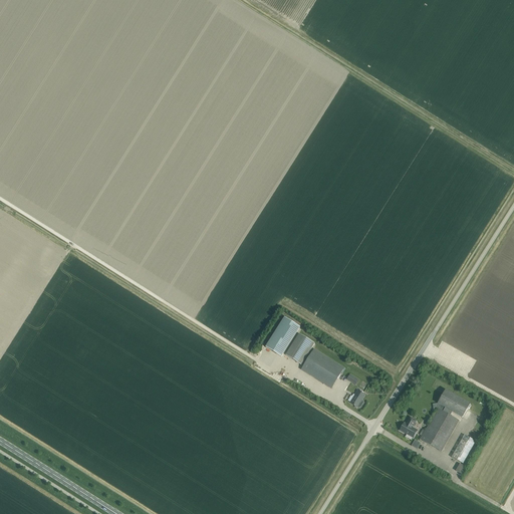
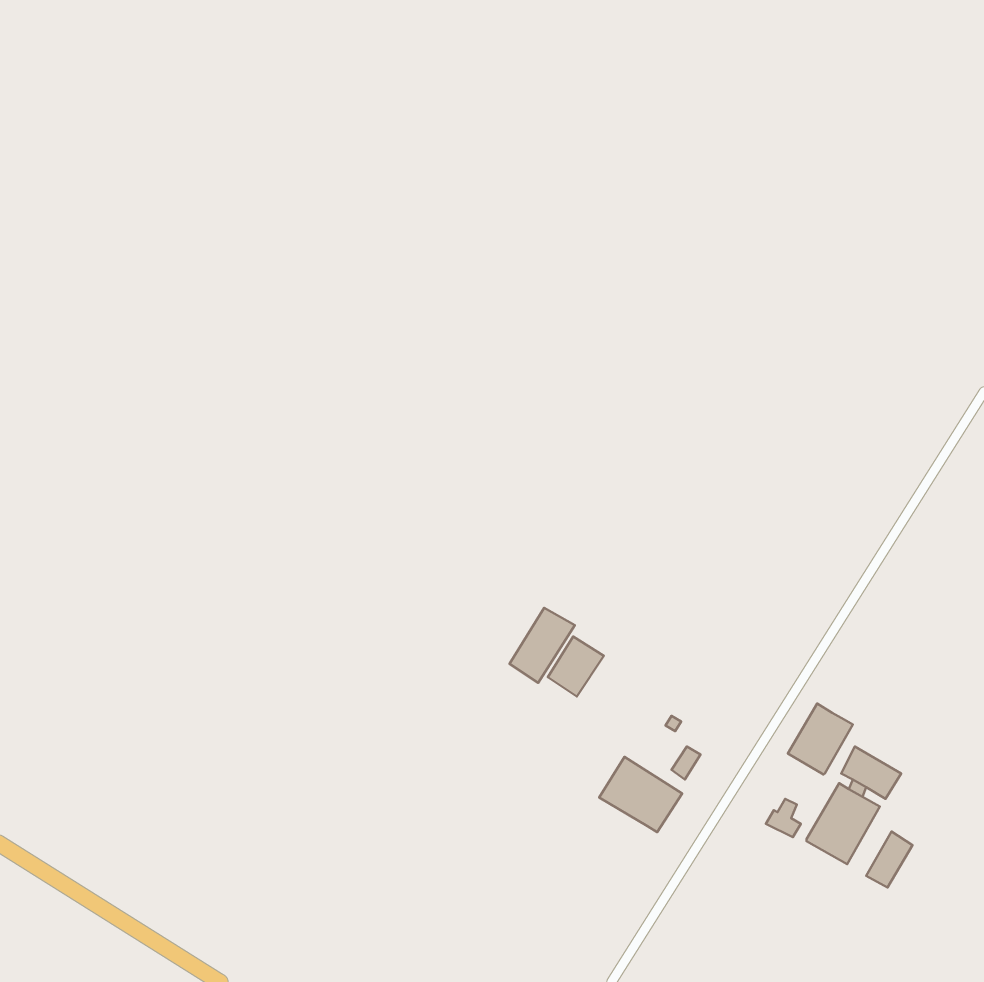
building: [300,347,343,387] -> [599,757,682,832]
building: none -> [788,704,853,774]

